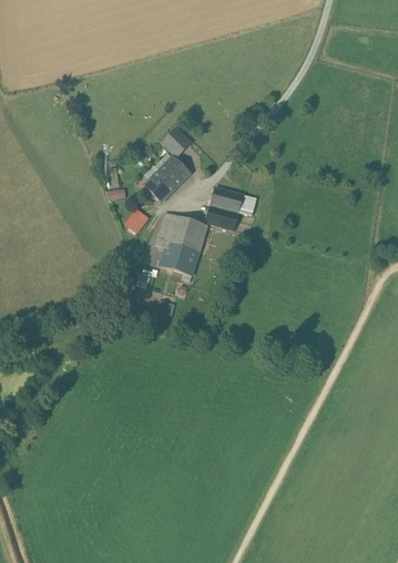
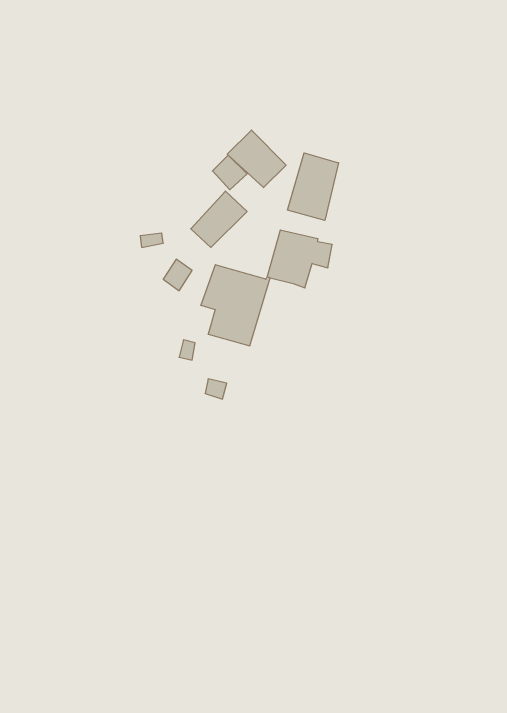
building: none -> [227,130,286,188]
building: none -> [288,153,339,220]

